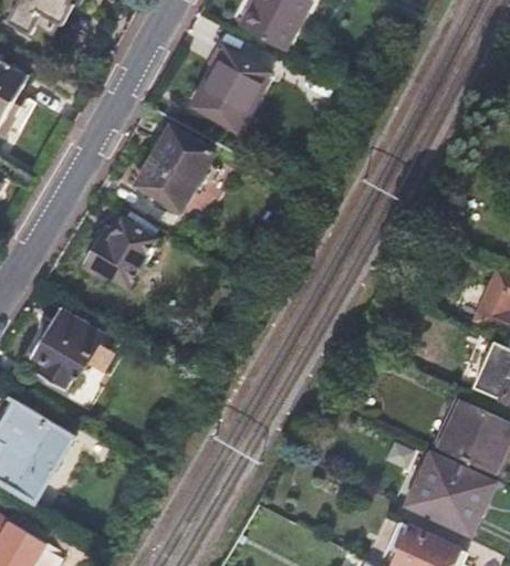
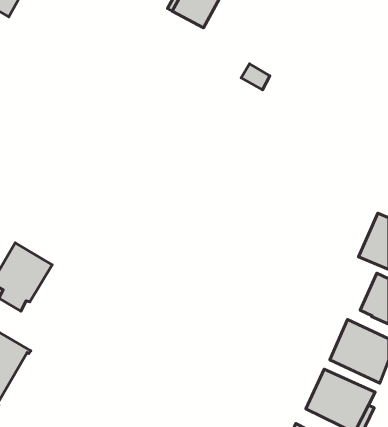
building: [191,46,271,132] -> none
building: [137,128,212,210] -> none
building: [84,221,155,283] -> none

